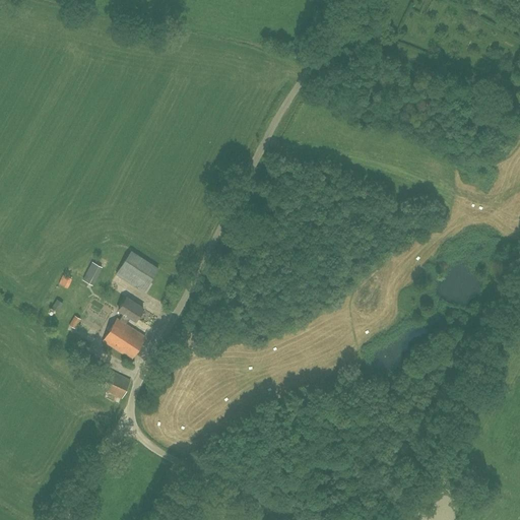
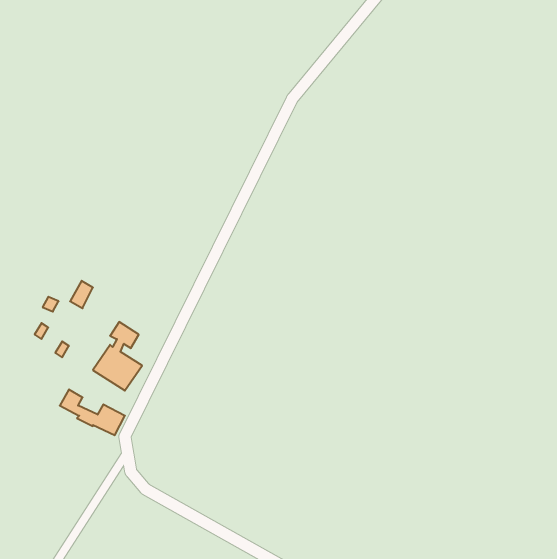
building: [116,251,158,291] -> none

